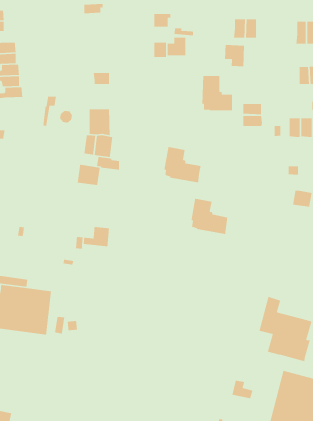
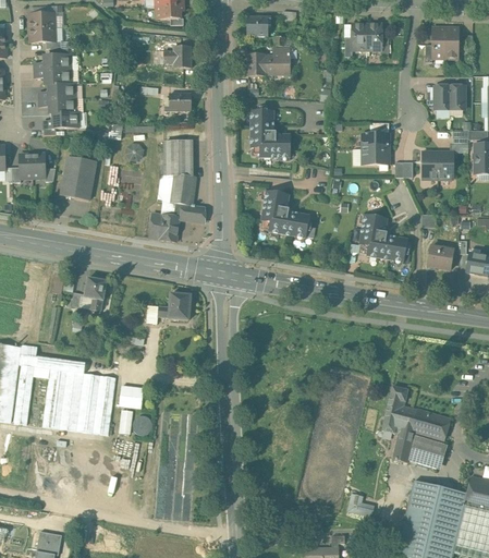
building: none -> [163,47,191,68]
building: [224,44,245,67] -> none
building: [202,75,233,111] -> [249,110,290,157]
building: none -> [60,156,96,201]
building: [190,198,228,235] -> [358,214,407,262]
building: none -> [83,279,106,311]
building: none -> [119,386,144,408]

